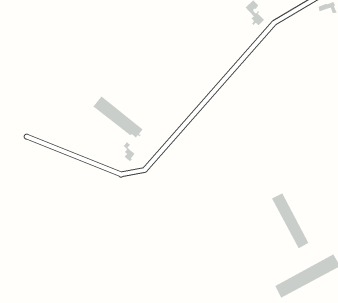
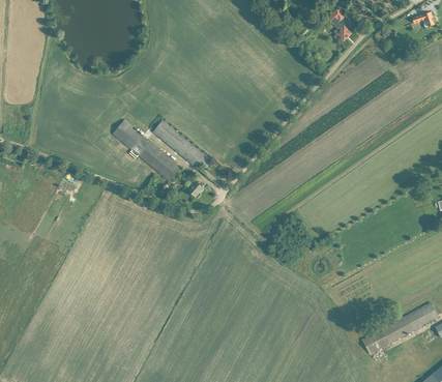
building: none -> [113,120,182,181]
building: [271,192,309,249] -> none

